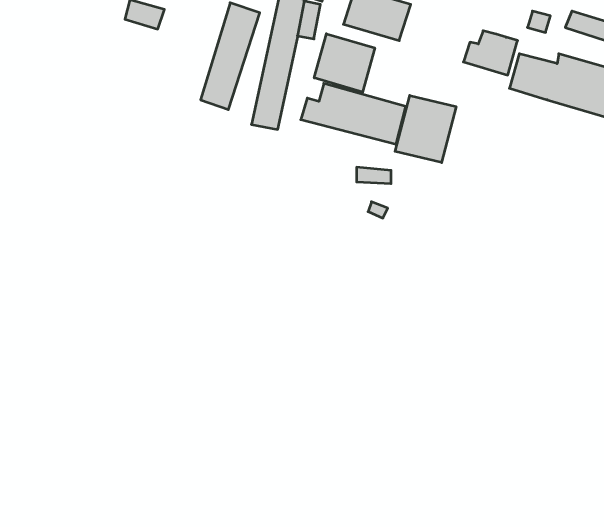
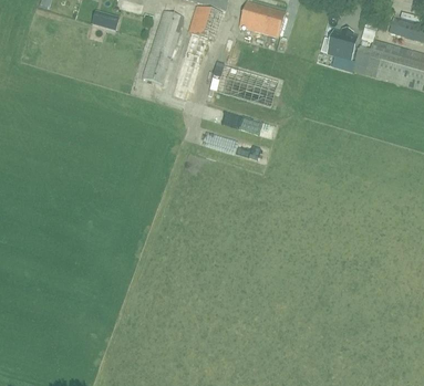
building: [314,34,375,92] -> none
building: [395,95,456,163] -> none

